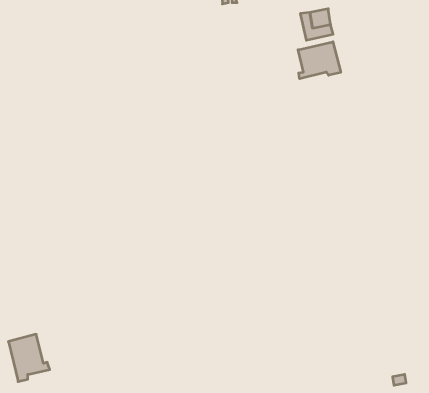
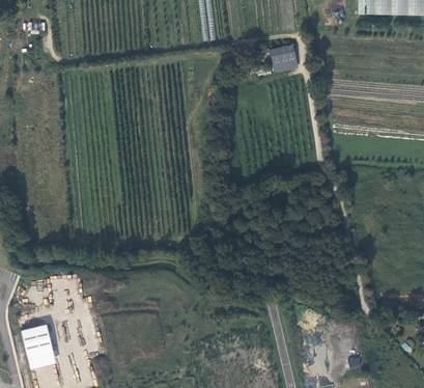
building: [298,42,341,79] -> none

